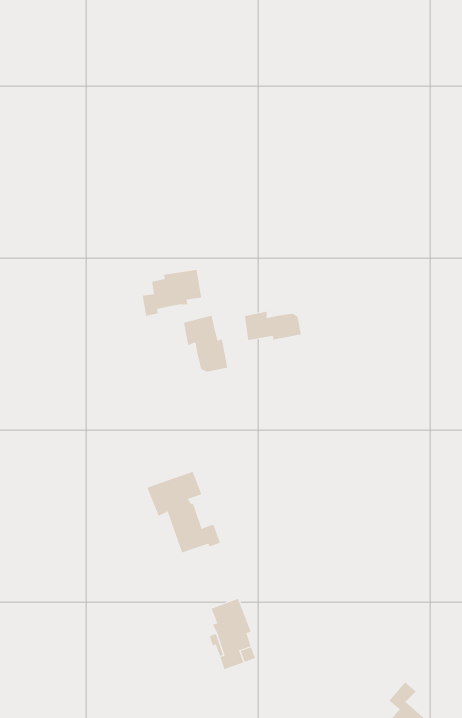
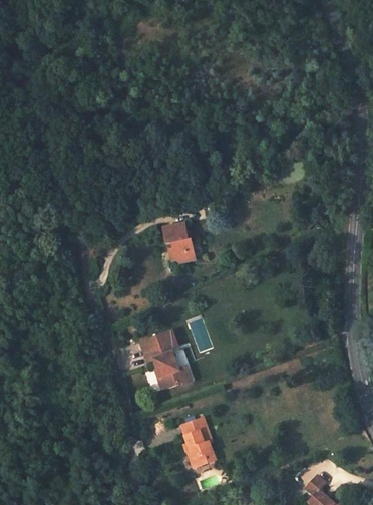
building: [142,269,202,316] -> none
building: [244,311,301,341] -> none

